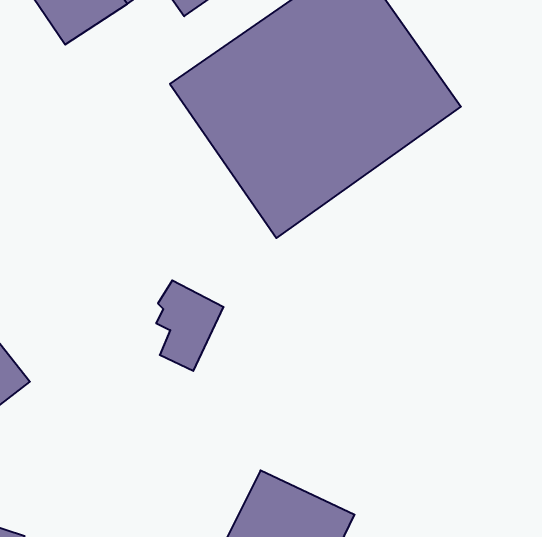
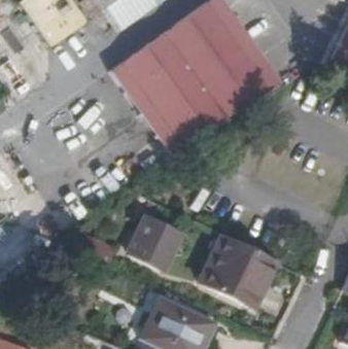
building: [156,280,224,371] -> [141,214,180,267]
building: none -> [204,233,274,304]

